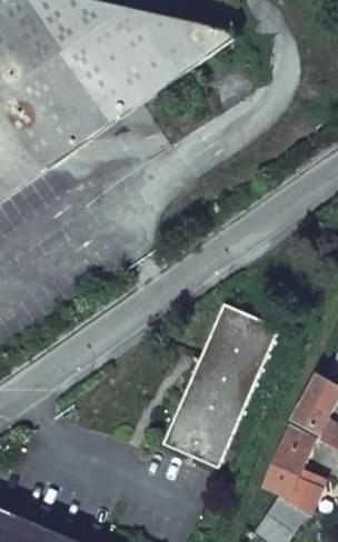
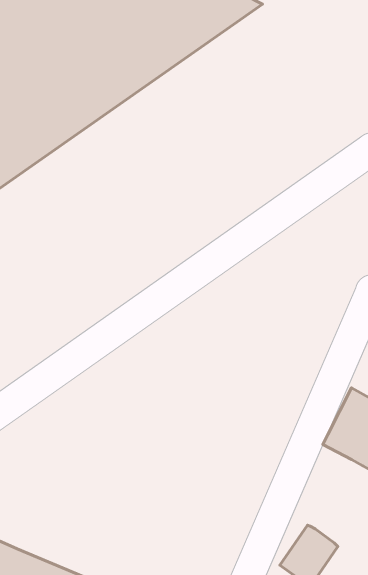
building: [161,304,278,468] -> none
building: [265,425,320,518] -> none

